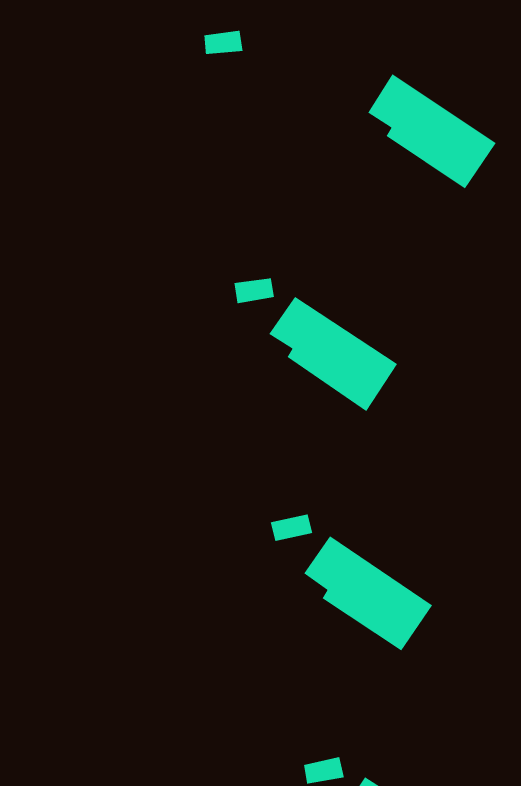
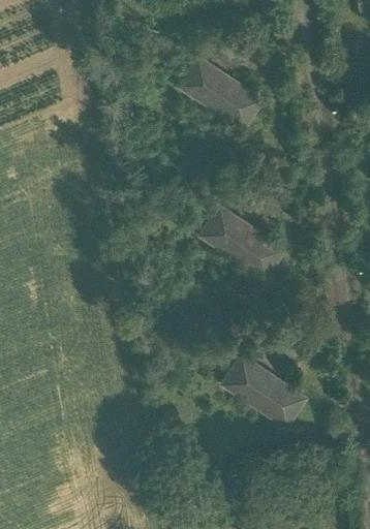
building: [367,73,497,189] -> [179,57,259,129]

